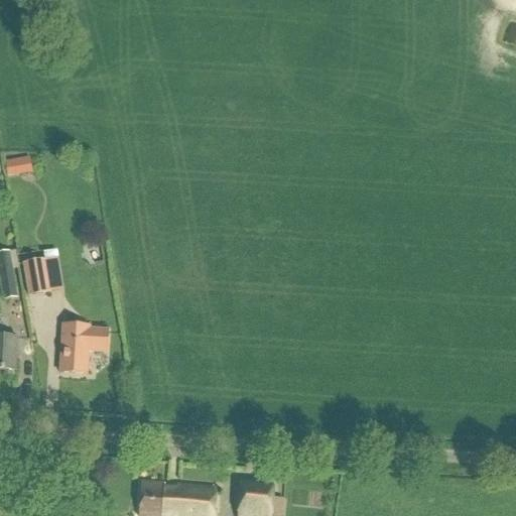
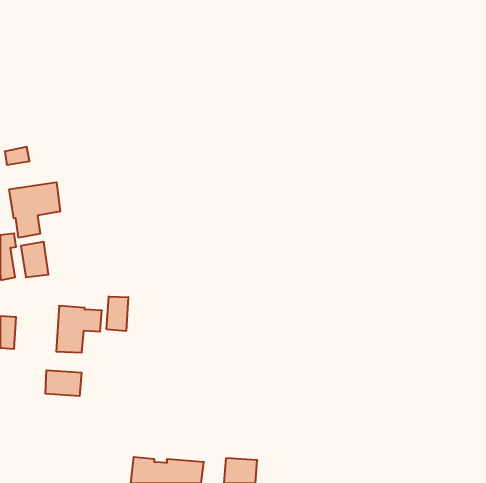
building: none -> [9,182,60,238]
building: none -> [107,296,128,331]
building: none -> [46,370,82,396]

